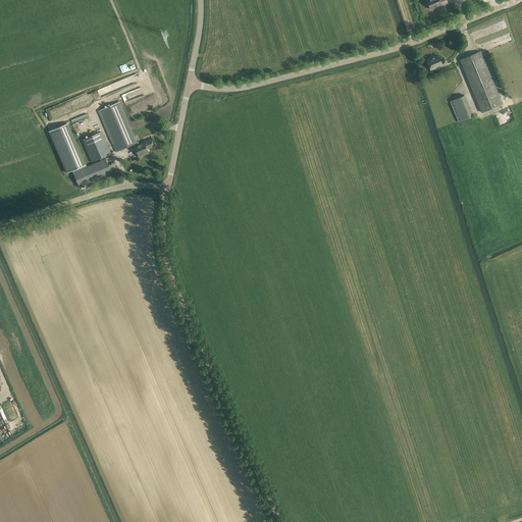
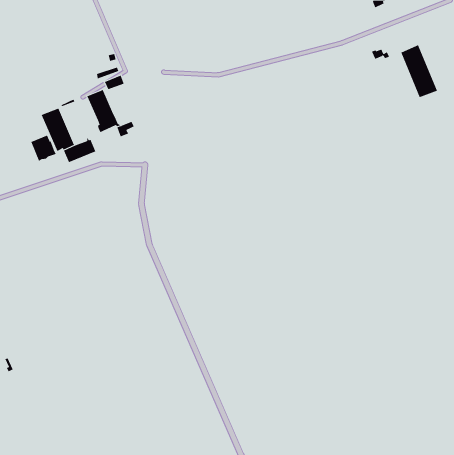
building: [449,95,473,122] -> none
building: [81,132,110,162] -> [31,135,56,161]

